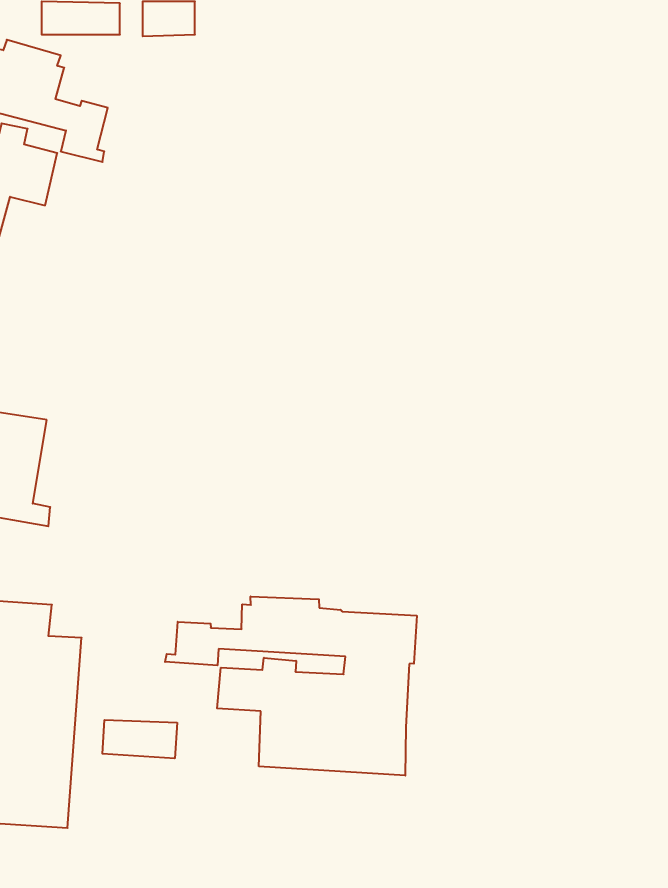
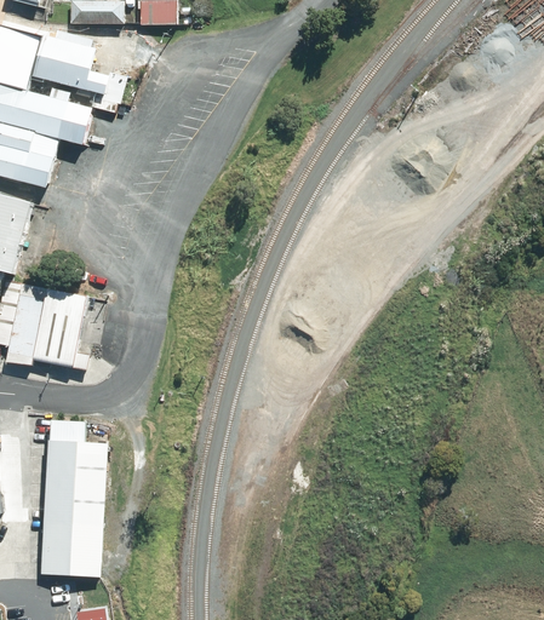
building: [165,596,417,776] -> none
building: [102,720,177,758] -> none

